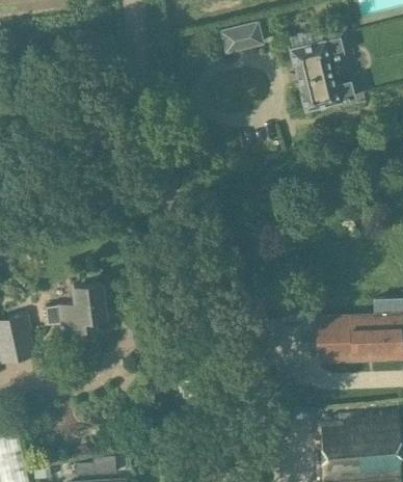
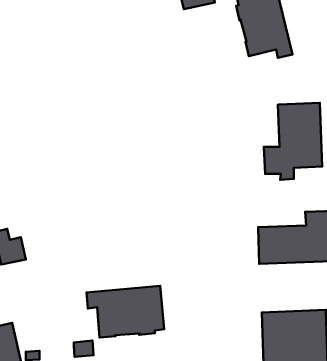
building: none -> [264,103,322,180]
building: [47,284,106,331] -> none
building: none -> [86,286,164,338]

